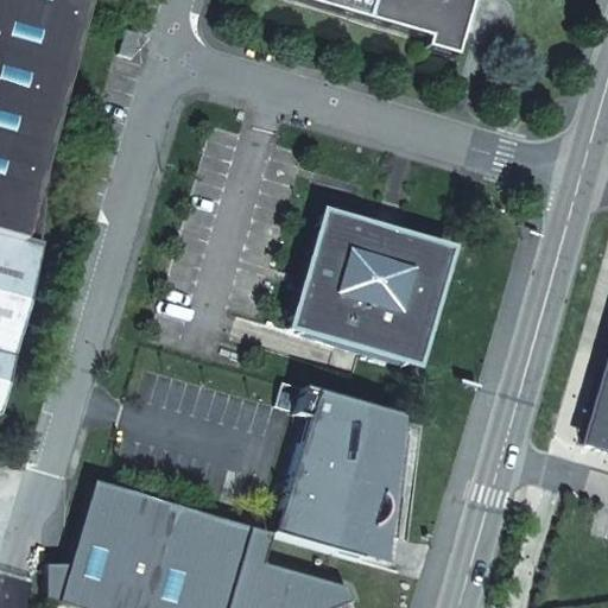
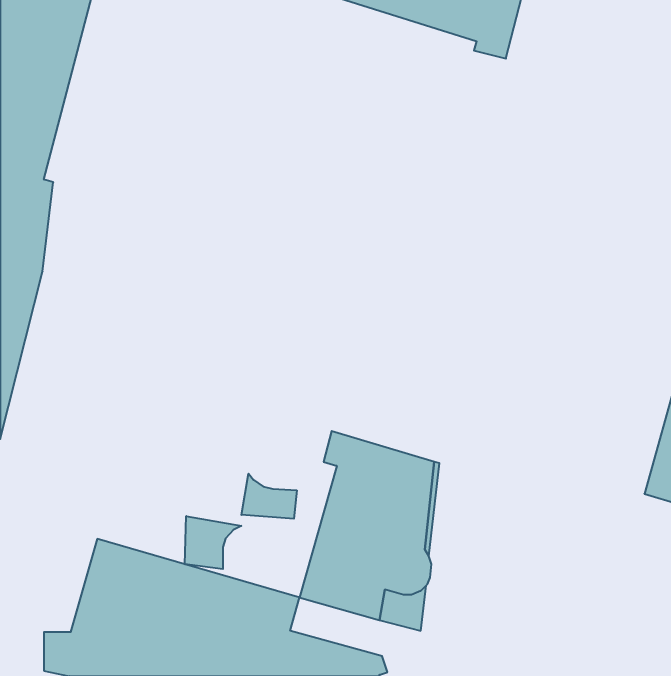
building: [293,213,454,365] -> none
building: none -> [241,474,297,519]
building: none -> [185,516,241,569]

